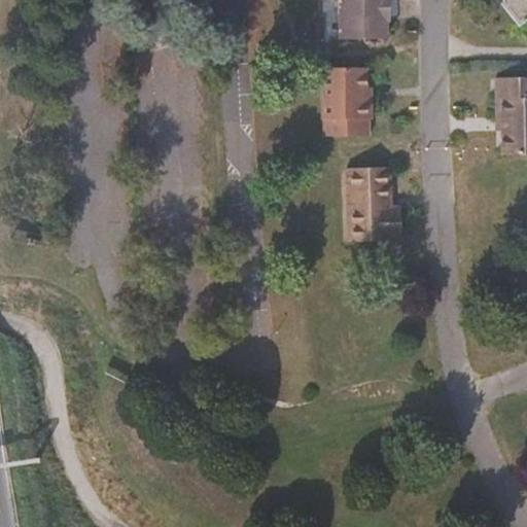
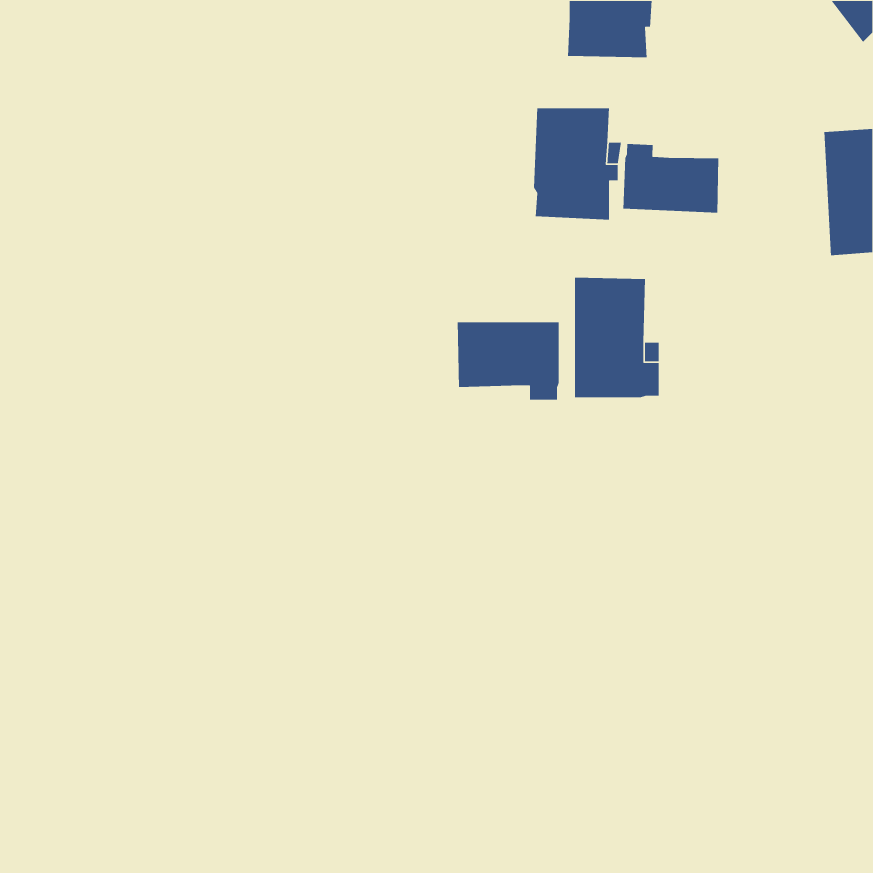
building: none -> [622,143,719,213]
building: none -> [457,321,559,401]

